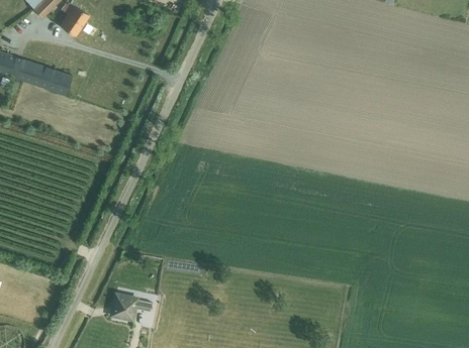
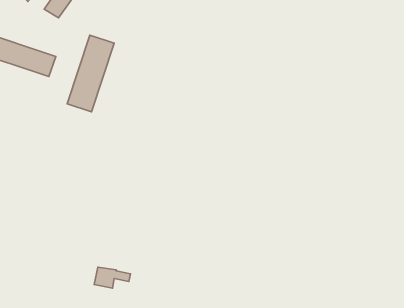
building: none -> [67,35,114,112]

